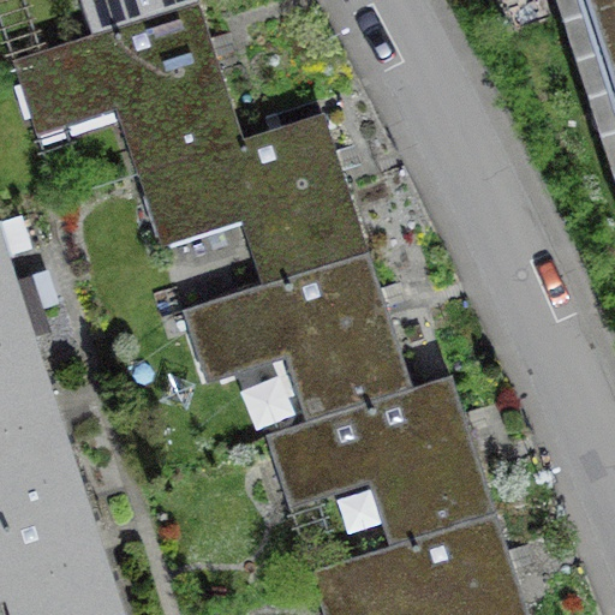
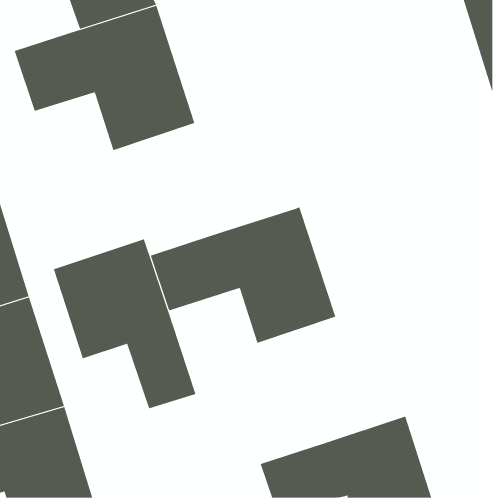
building: [138,126,362,287] -> none
building: none -> [53,238,196,409]
building: [273,378,490,544] -> none

